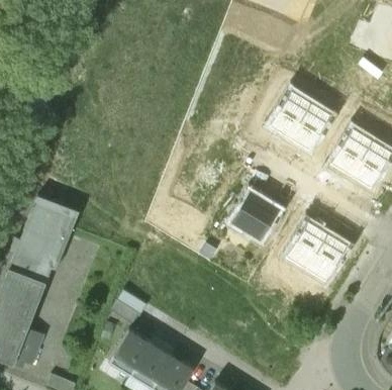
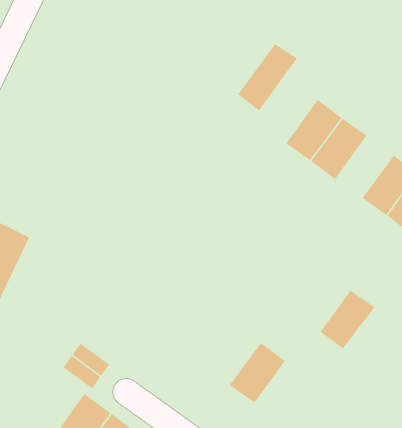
building: none -> [237,43,298,111]
building: [229,191,279,239] -> none
building: [284,220,326,268] -> [229,342,286,403]

